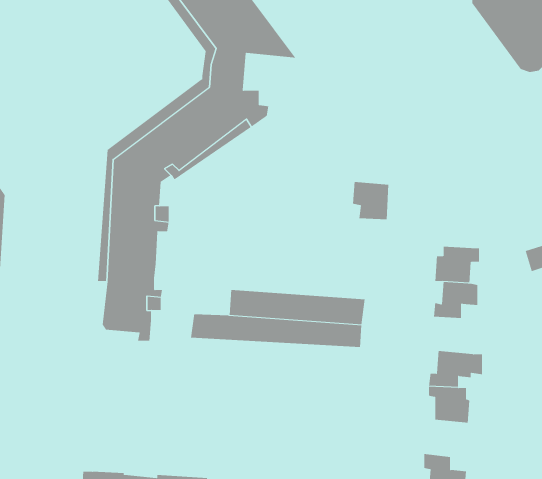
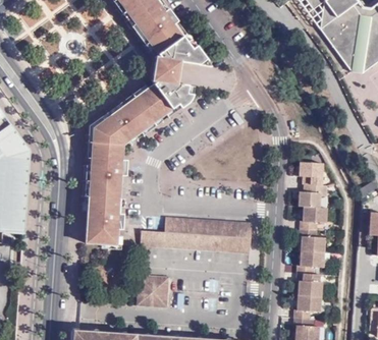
building: [352,181,389,220] -> [301,163,324,187]
building: none -> [299,231,325,254]
building: none -> [141,273,172,305]
building: none -> [292,296,321,320]

